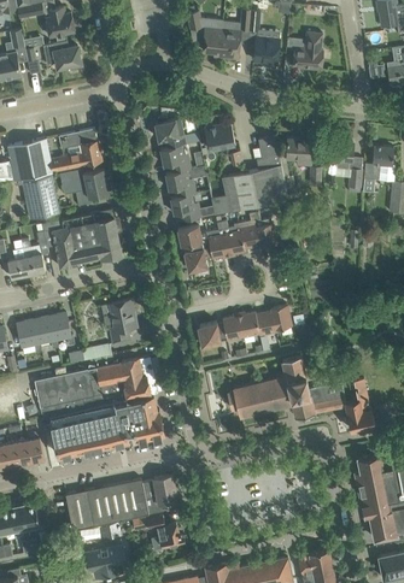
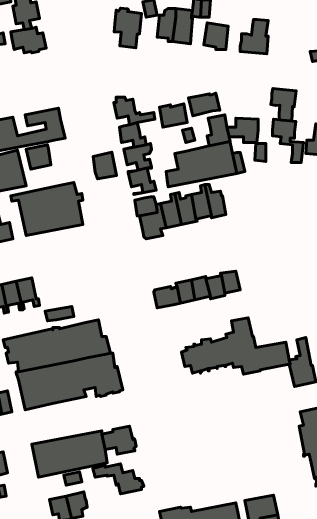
building: none -> [114,8,141,48]
building: none -> [271,88,296,121]
building: none -> [189,93,220,116]
building: [83,169,109,198] -> [93,152,116,179]
building: [100,300,136,343] -> none

